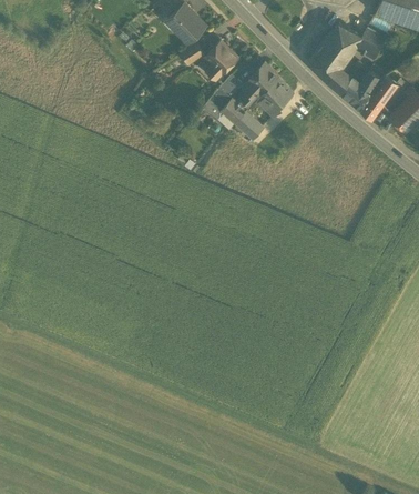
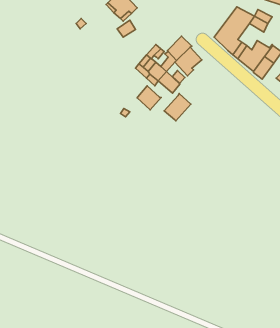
building: [206,42,238,81] -> none
building: none -> [137,86,161,110]
building: none -> [164,93,191,121]

